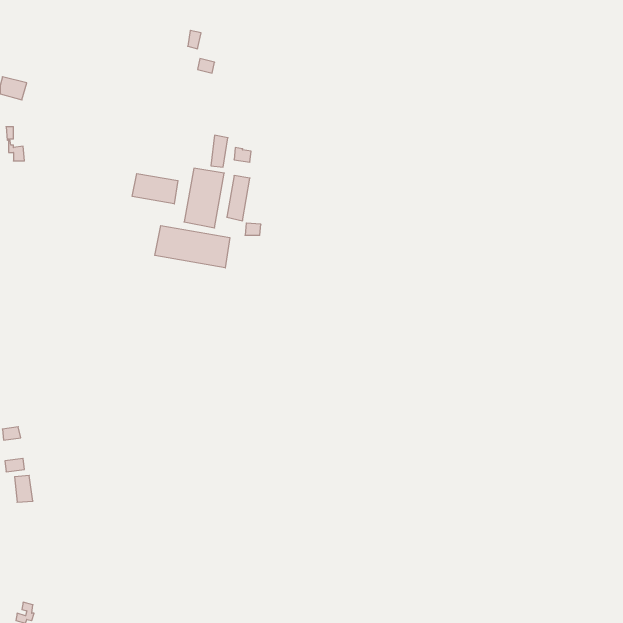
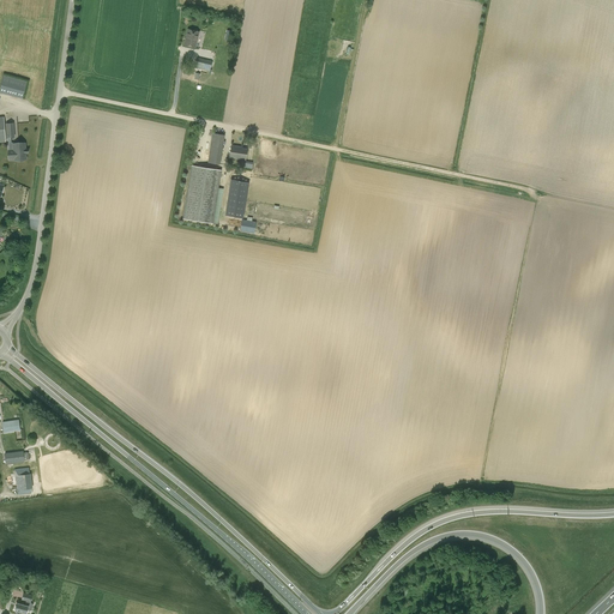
building: [132,174,178,204] -> none
building: [155,226,230,268] -> none

